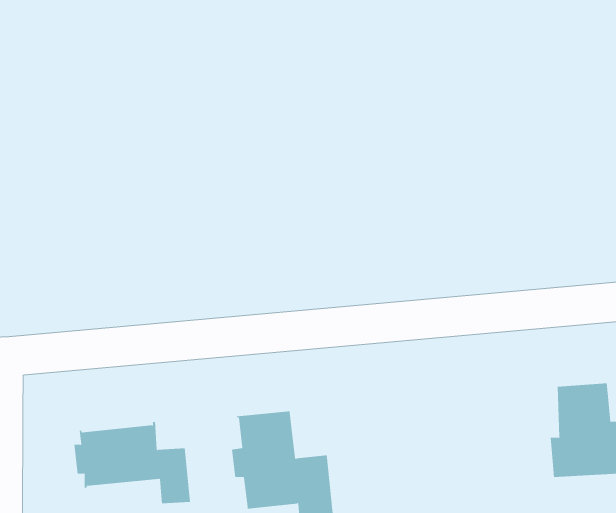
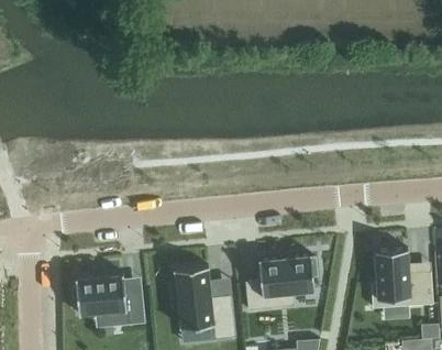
building: none -> [245,254,318,310]

